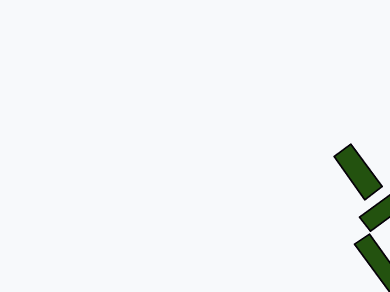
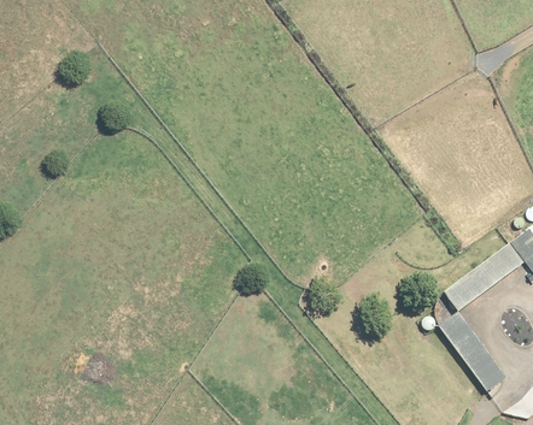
building: [334,144,382,200] -> none

